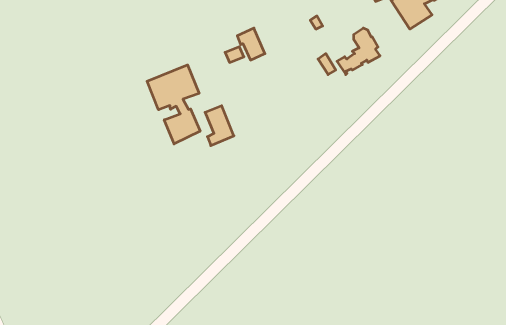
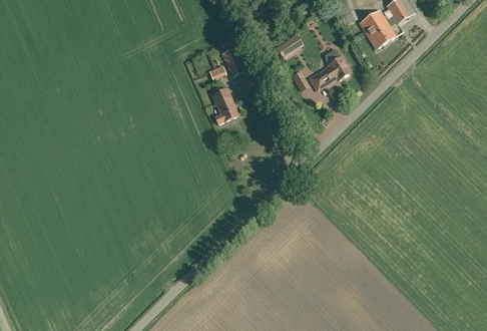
building: [147,65,200,144] -> none
building: [205,106,234,146] -> [212,88,238,124]

